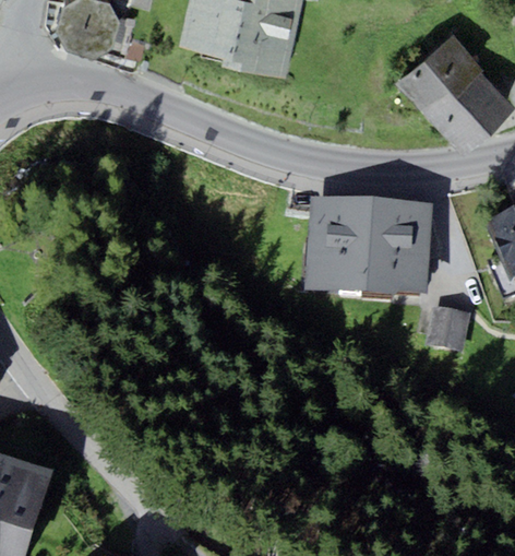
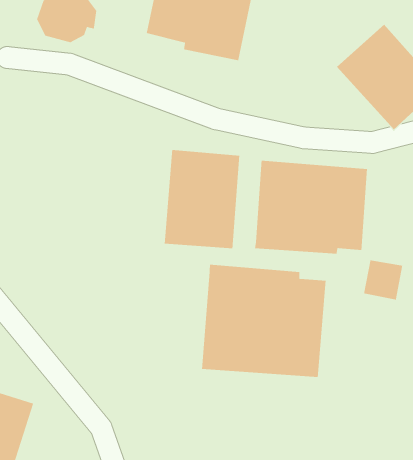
building: none -> [164,149,240,249]
building: none -> [201,264,326,378]

